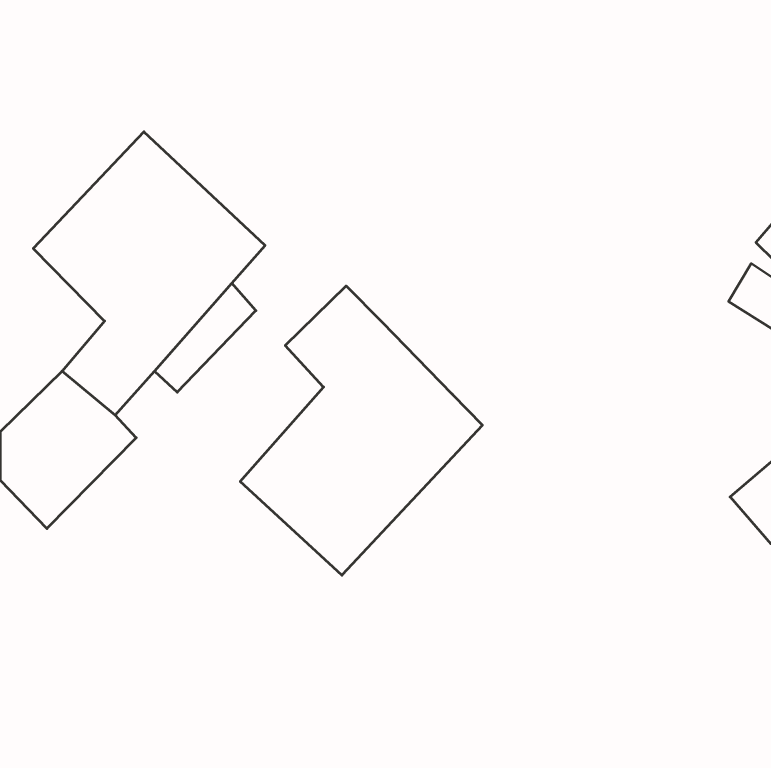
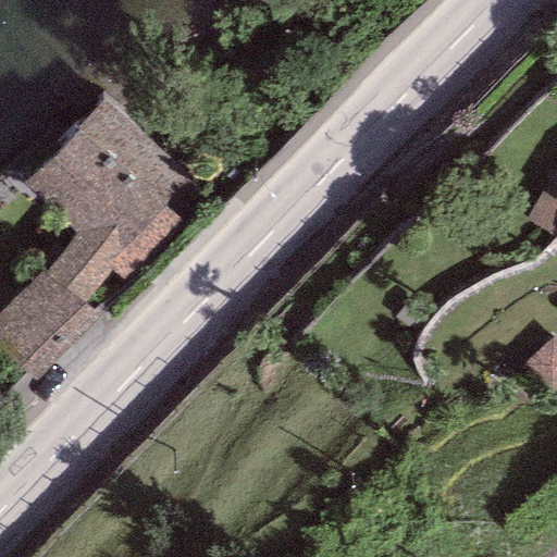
building: [240,286,482,575] -> none

